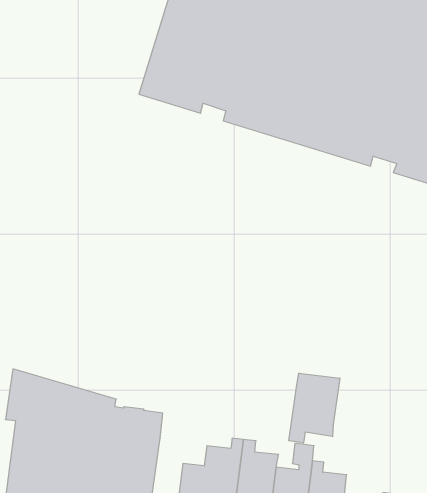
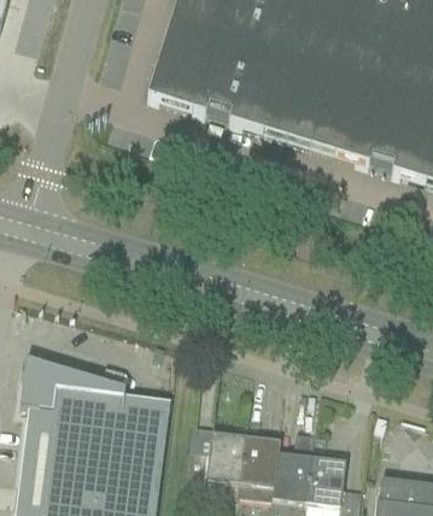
building: [289,373,340,443] -> none

